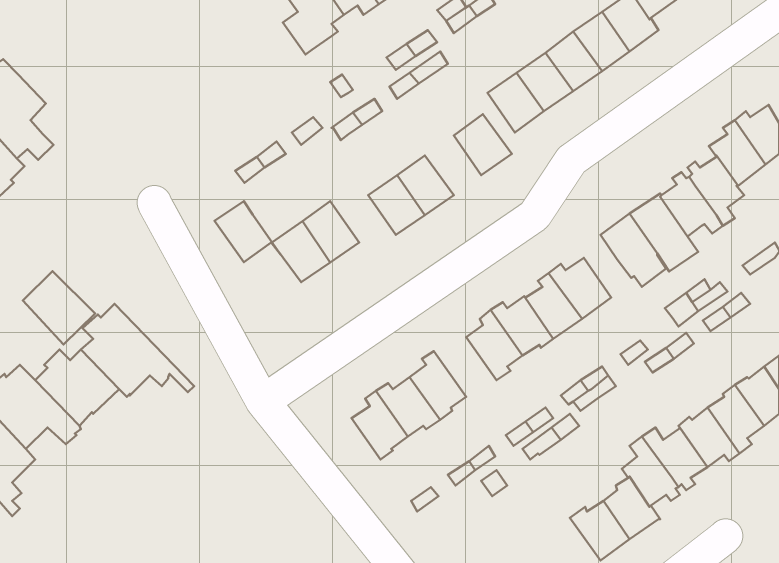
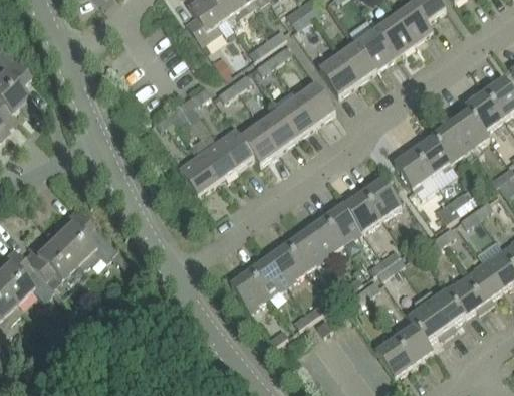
building: none -> [279,97,316,137]
building: [215,201,280,262] -> [217,128,260,168]
building: [23,271,95,344] -> none
building: none -> [285,230,326,269]

